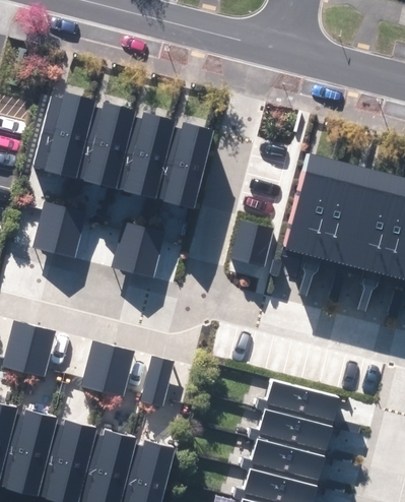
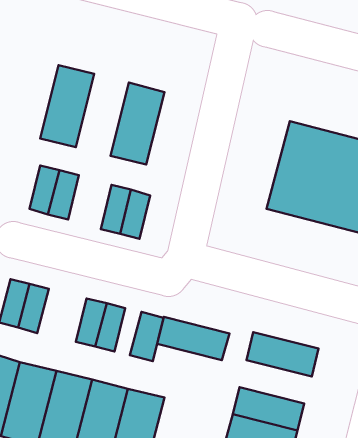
building: [82,106,138,192] -> none
building: [156,125,212,210] -> none
building: [255,407,331,453] -> [157,317,229,360]

